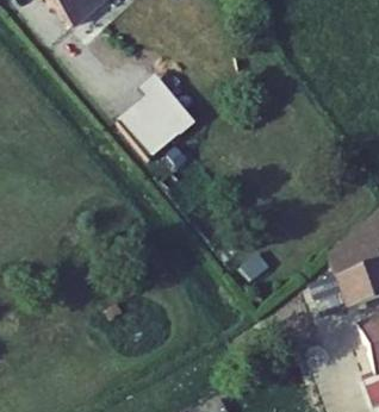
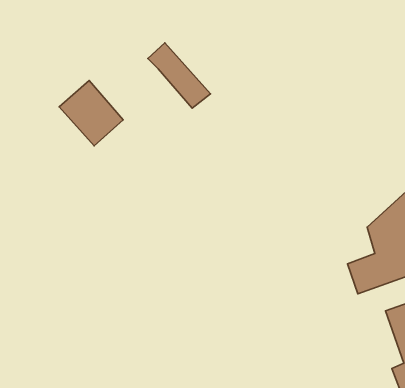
building: [122,98,180,157] -> [59,81,123,146]

